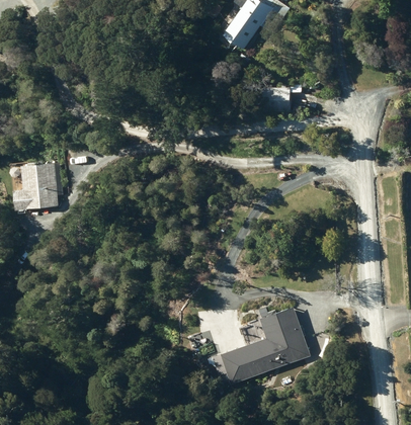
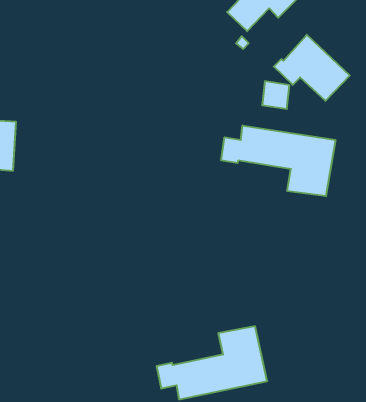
building: none -> [274,35,350,101]
building: none -> [221,125,335,196]

